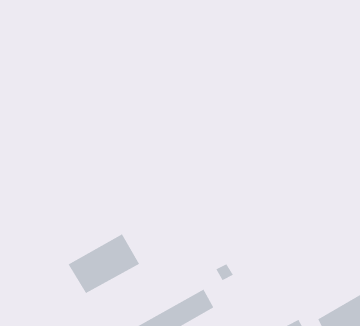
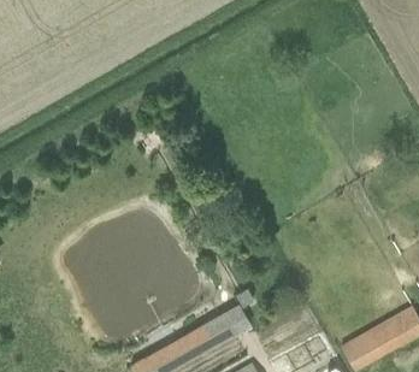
building: [68,233,140,294] -> none

